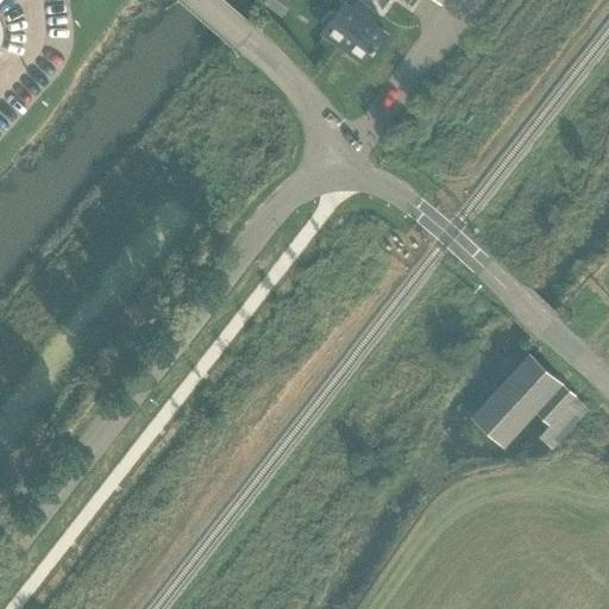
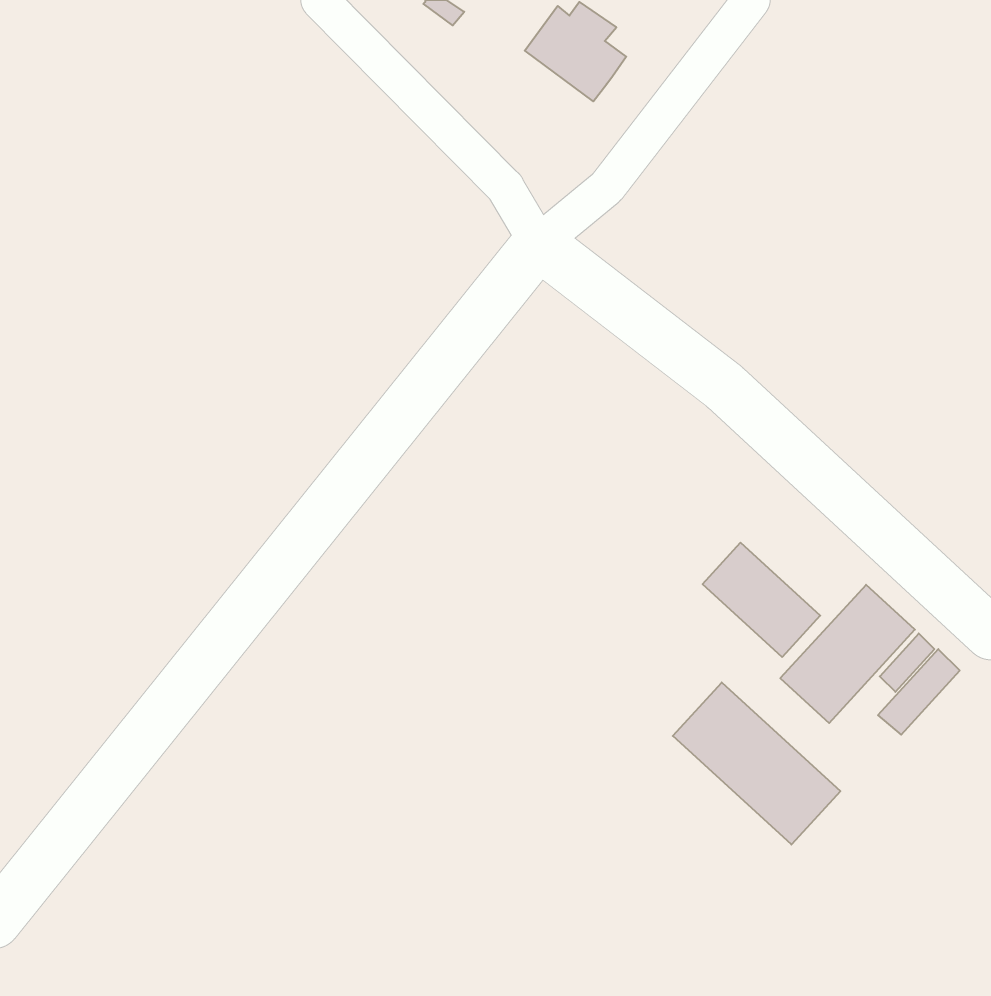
building: none -> [703,543,820,657]
building: none -> [673,682,840,845]

